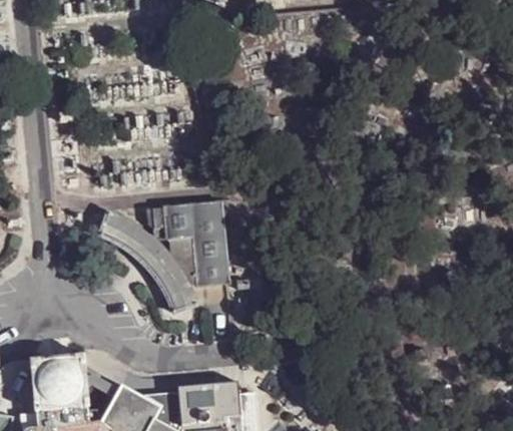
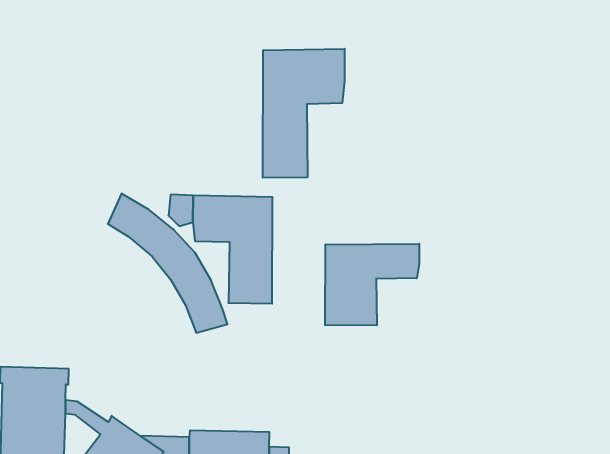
building: none -> [263,49,345,178]
building: none -> [325,244,419,325]

